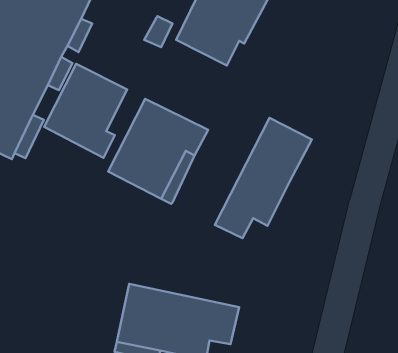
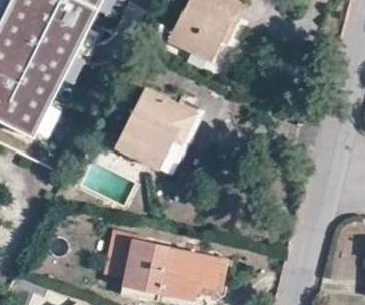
building: [44,64,127,158] -> none
building: [215,118,312,238] -> none

